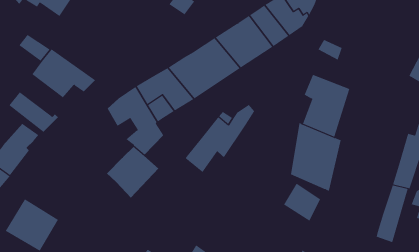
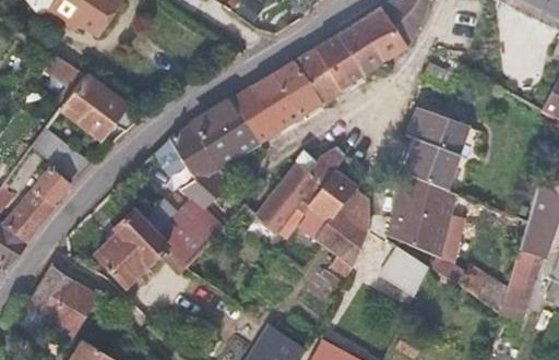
building: none -> [299,172,372,279]
building: none -> [98,212,168,287]
building: none -> [430,255,509,310]

